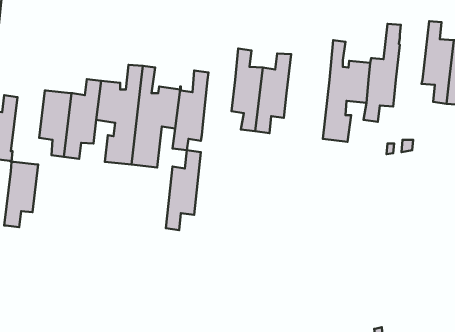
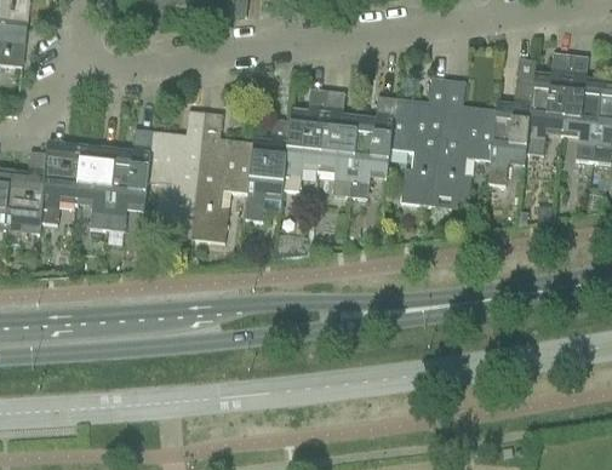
building: none -> [527,53,572,155]
building: none -> [390,79,450,206]
building: [166,150,201,230] -> [284,88,328,190]
building: [4,162,38,227] -> [39,141,82,224]

